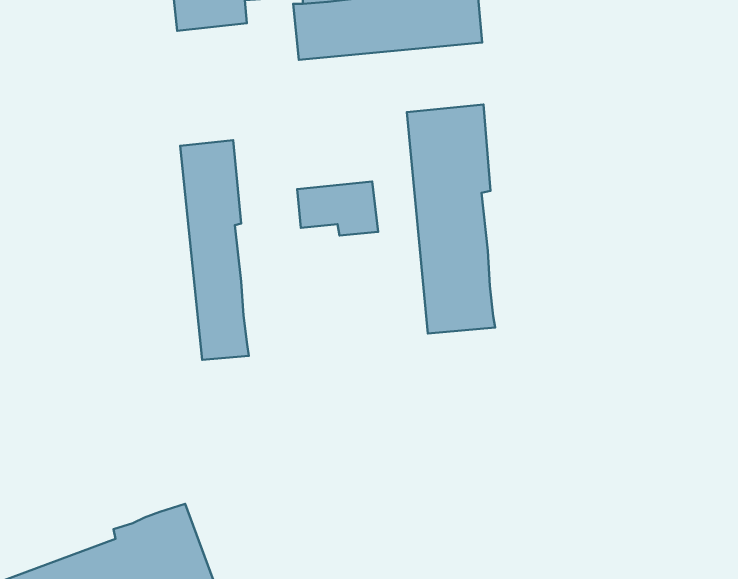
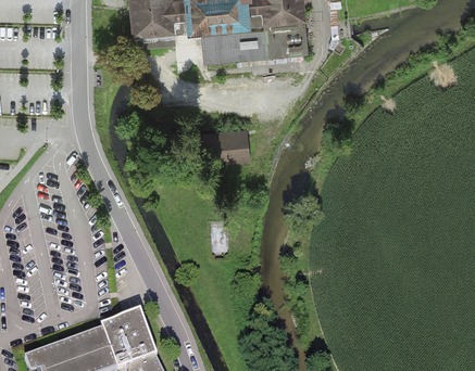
building: [407,105,495,333] -> none
building: [180,140,249,360] -> none

